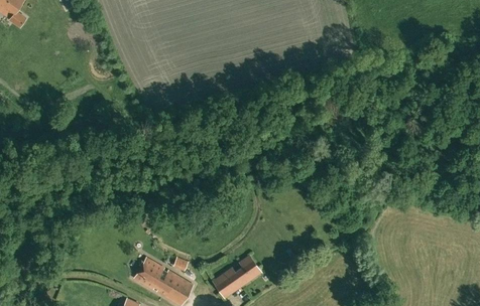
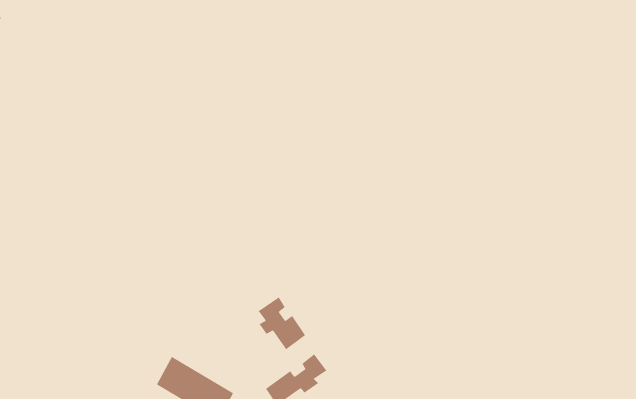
building: none -> [258,297,306,350]

